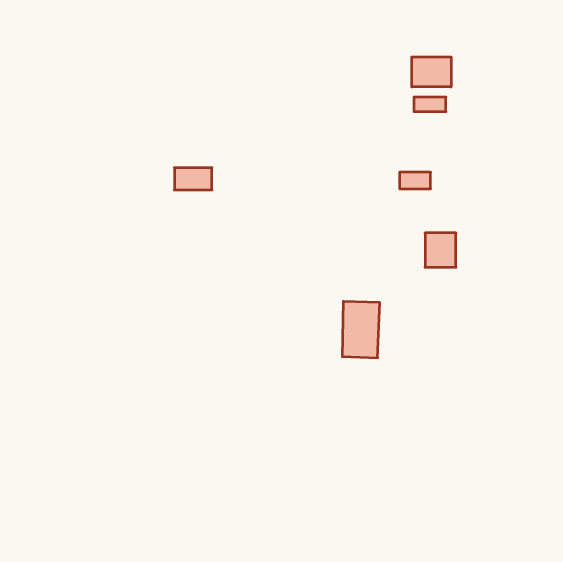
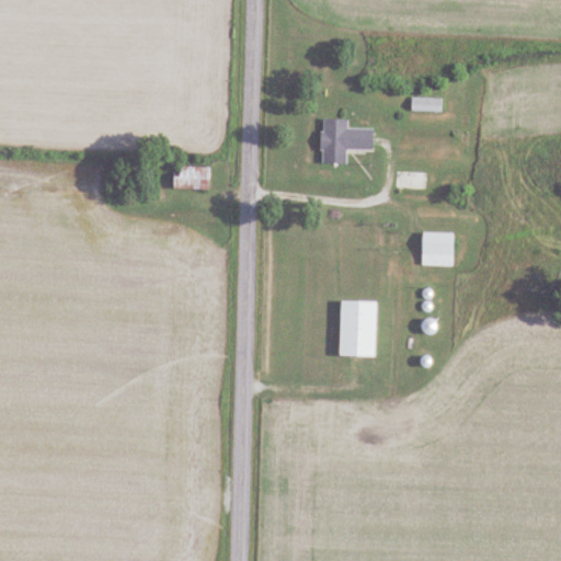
building: [412,57,451,87] -> none
building: none -> [321,118,374,162]

